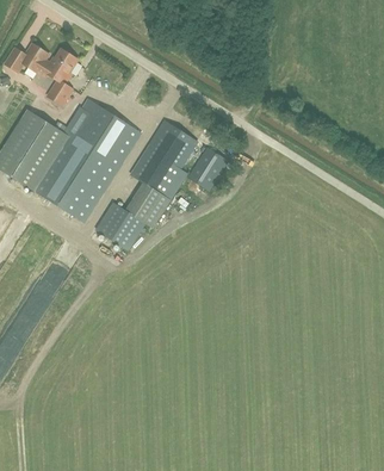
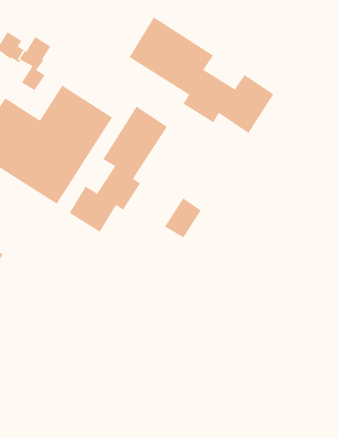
building: none -> [129,16,274,134]
building: [187,147,225,188] -> [164,198,201,238]

